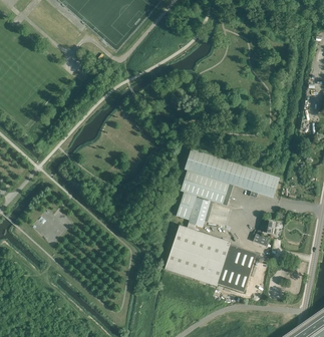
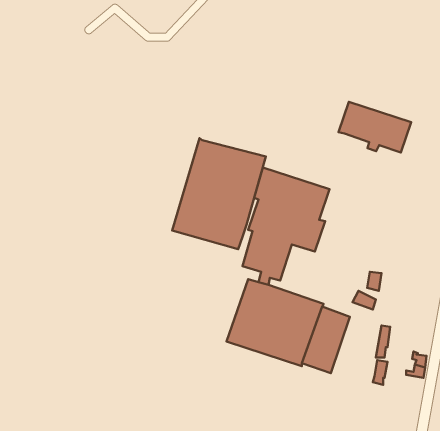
building: none -> [172,138,266,249]
building: [229,162,279,198] -> [339,102,411,152]

